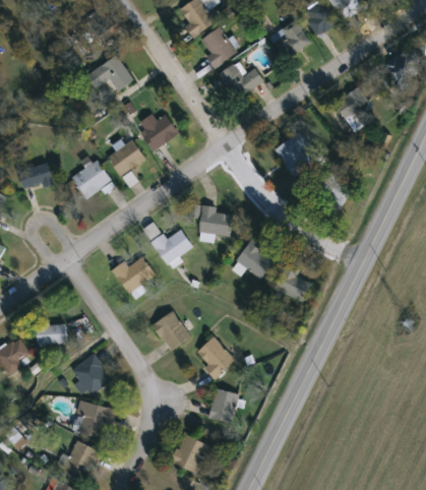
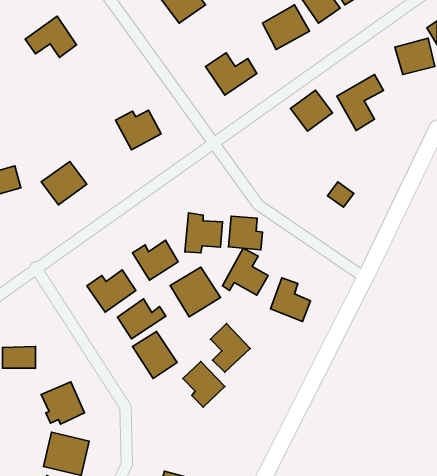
building: [199,27,236,68] -> none
building: [86,55,132,91] -> [25,16,77,57]
building: [273,133,311,170] -> [290,90,333,131]
building: [106,139,144,176] -> none
building: none -> [228,216,262,250]
building: none -> [170,267,220,317]
building: none -> [117,299,166,339]
building: none -> [211,324,250,372]
building: [208,388,238,423] -> none

